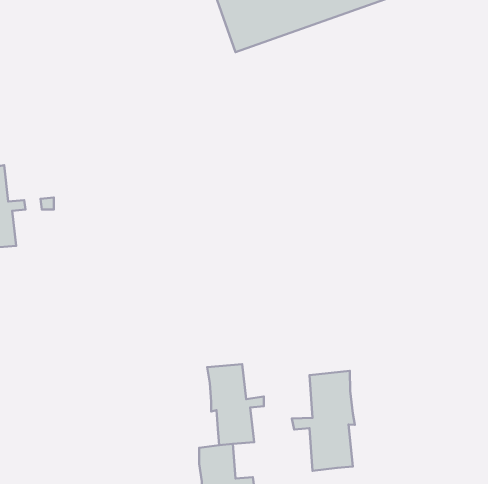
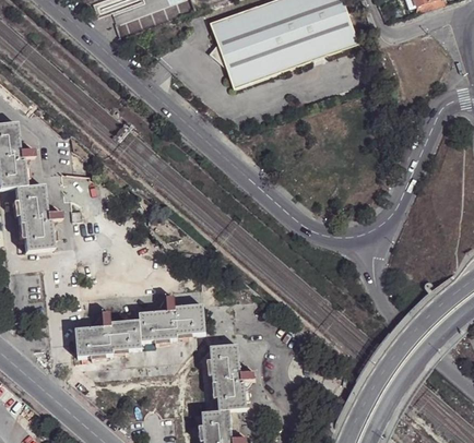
building: none -> [71,299,200,358]
building: [292,371,355,471] -> none

